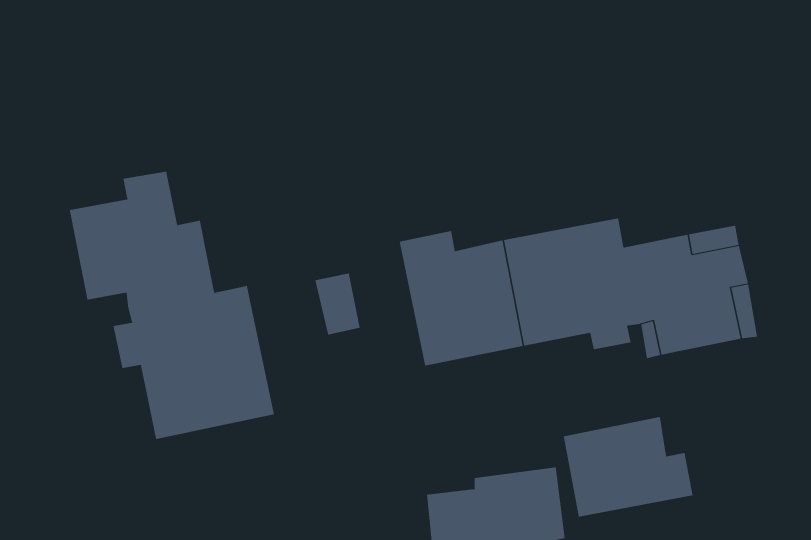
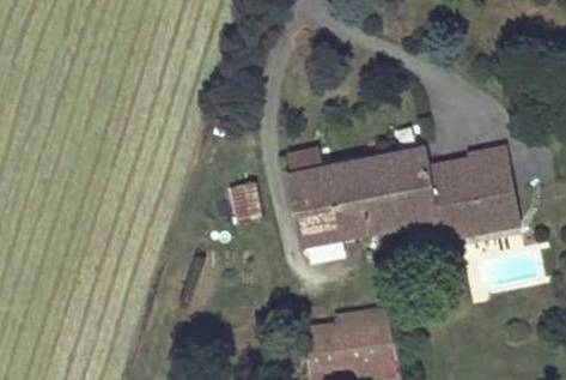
building: [69,171,274,440] -> none
building: [563,416,693,517] -> none

